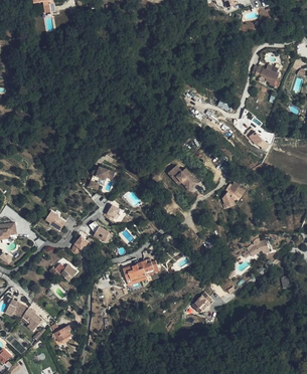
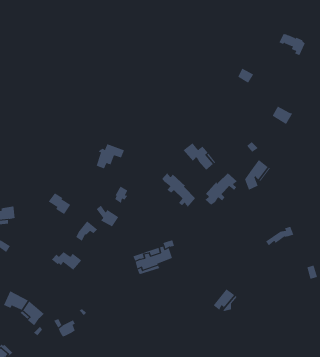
building: none -> [162,172,196,207]
building: none -> [204,172,238,206]

